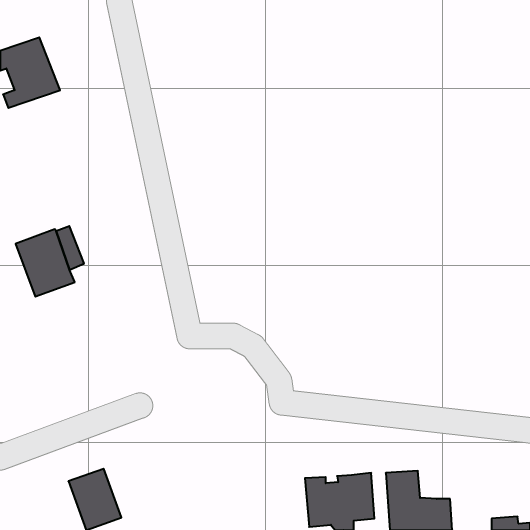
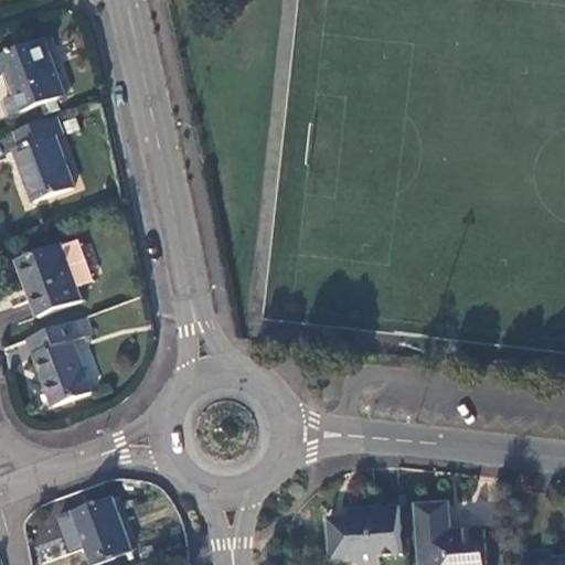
building: none -> [13,115,73,201]
building: none -> [32,320,89,405]

